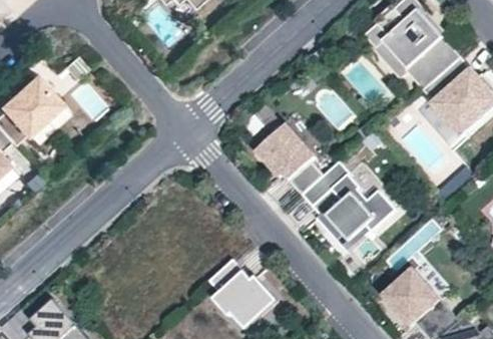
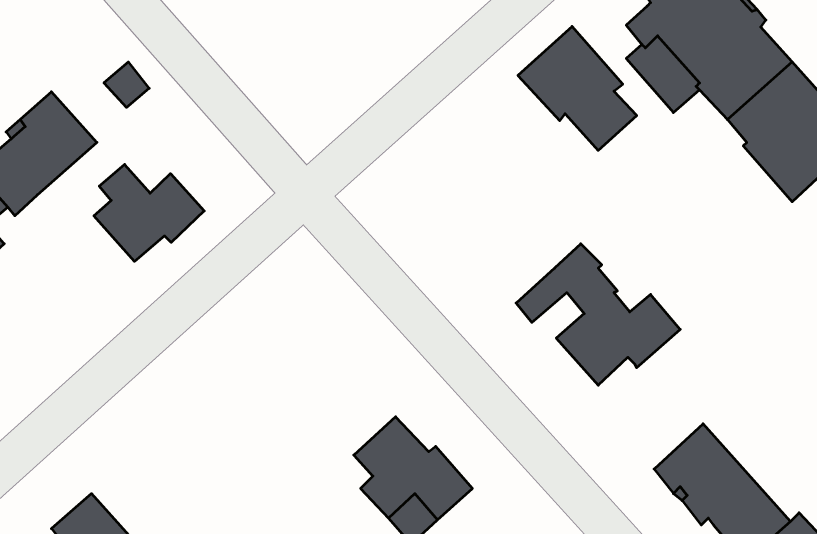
building: none -> [94,164,204,261]
building: [257,124,325,196] -> [518,26,637,150]
building: [309,190,371,253] -> none

